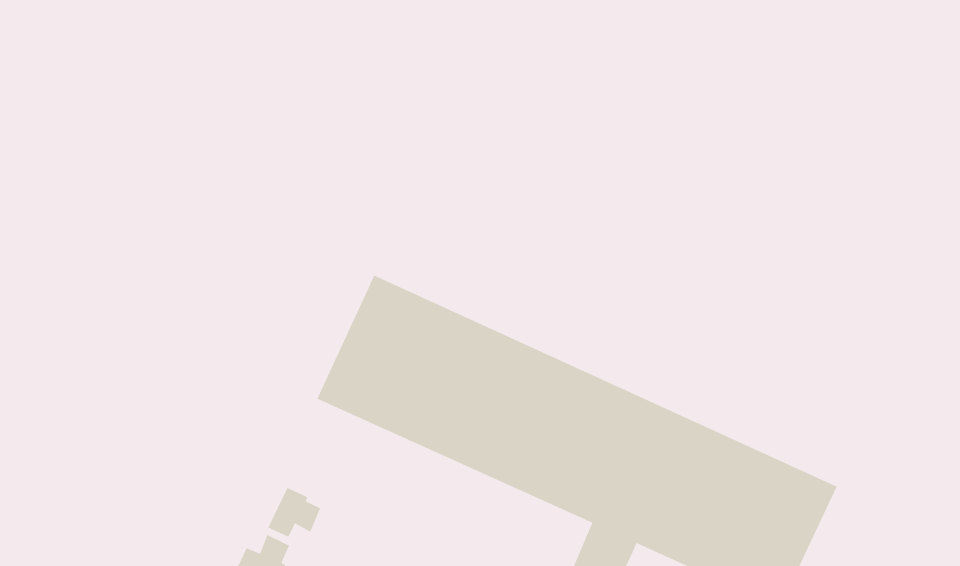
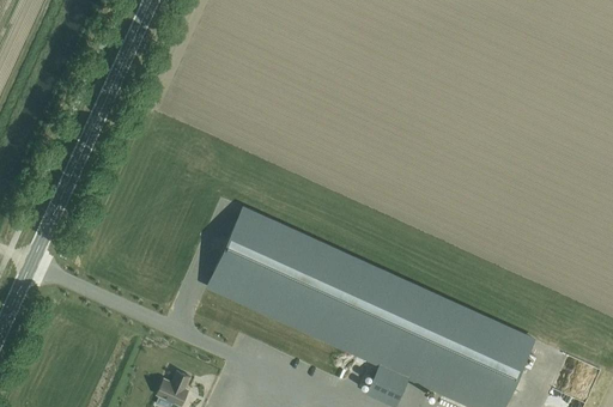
building: [267,487,321,538] -> none

